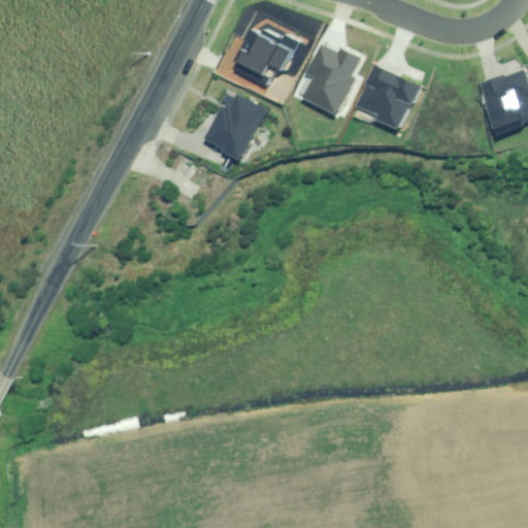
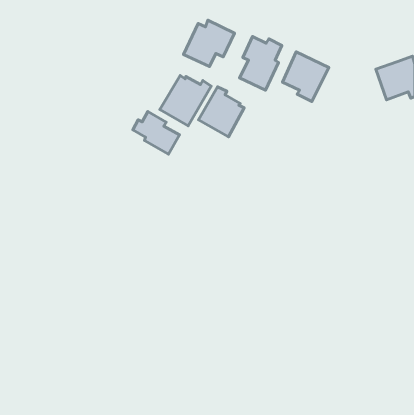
building: none -> [199,87,244,137]
building: none -> [133,111,180,154]

